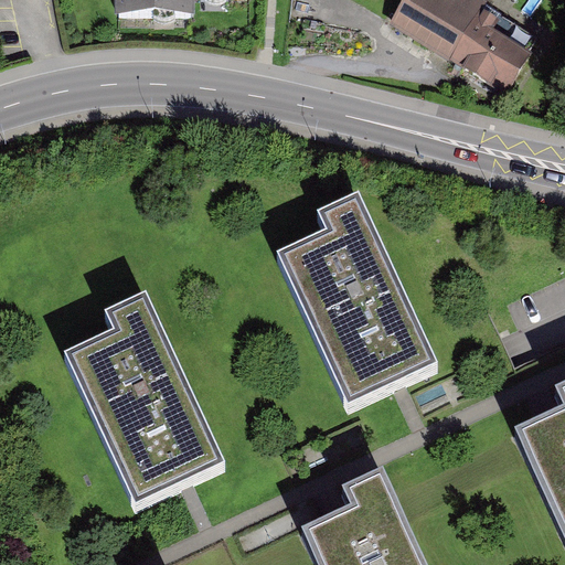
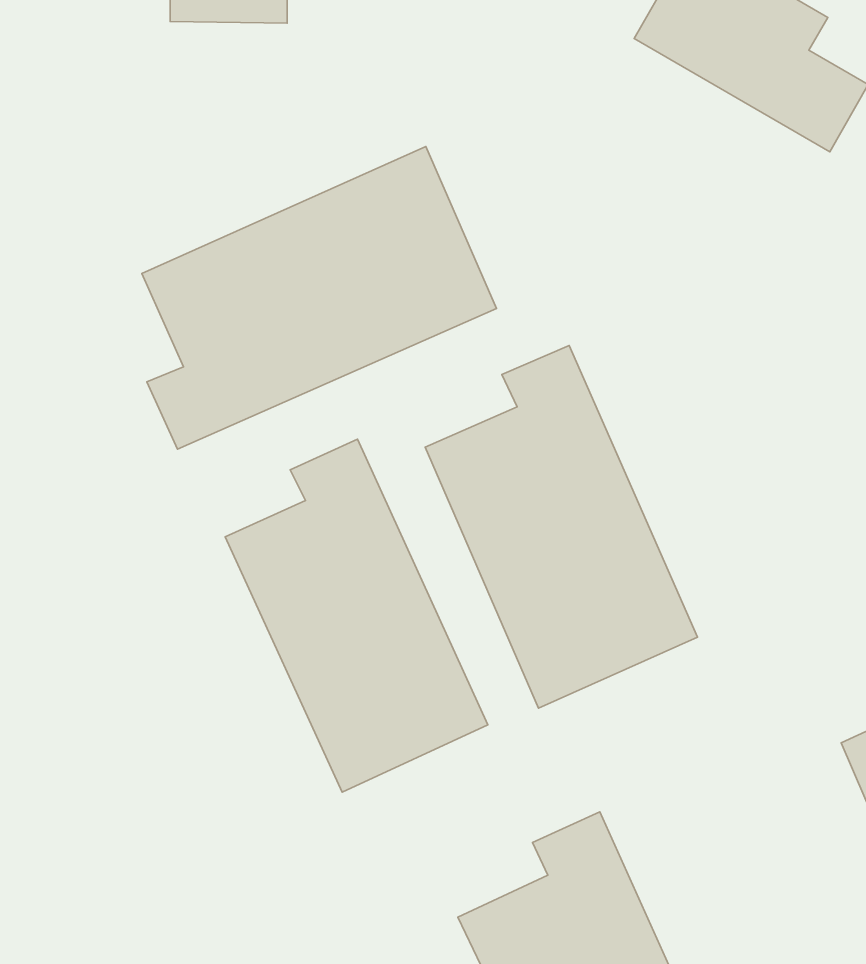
building: none -> [142,146,496,449]
building: [70,294,221,497] -> [225,439,488,792]

